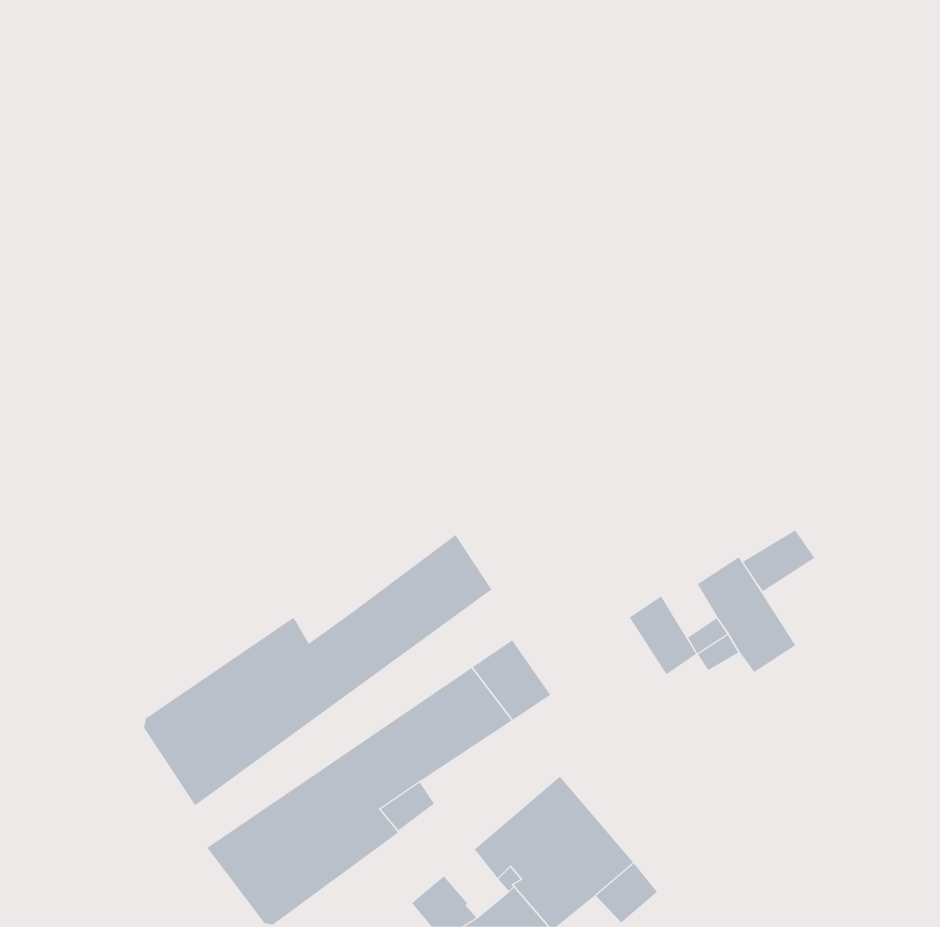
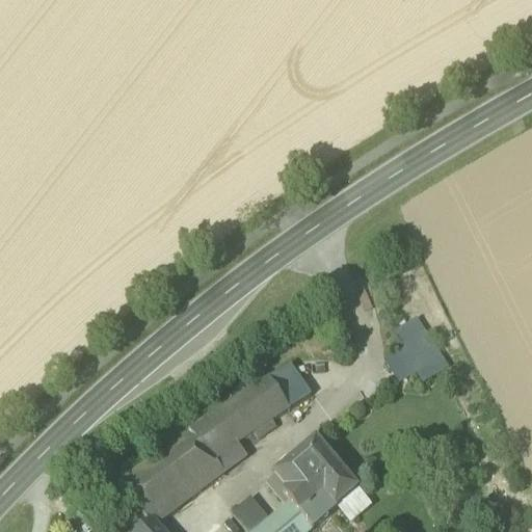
building: [742,529,815,592] -> none
building: [143,534,492,806] -> none
building: [629,595,697,675] -> none

